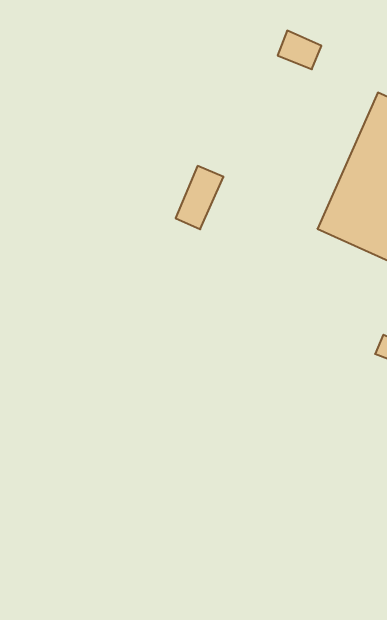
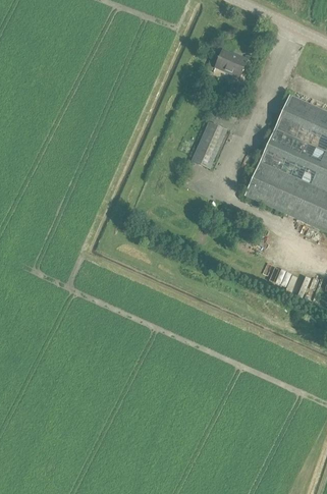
building: [176,166,224,229] -> [190,121,226,168]

